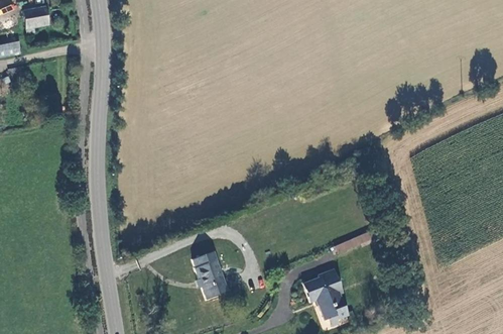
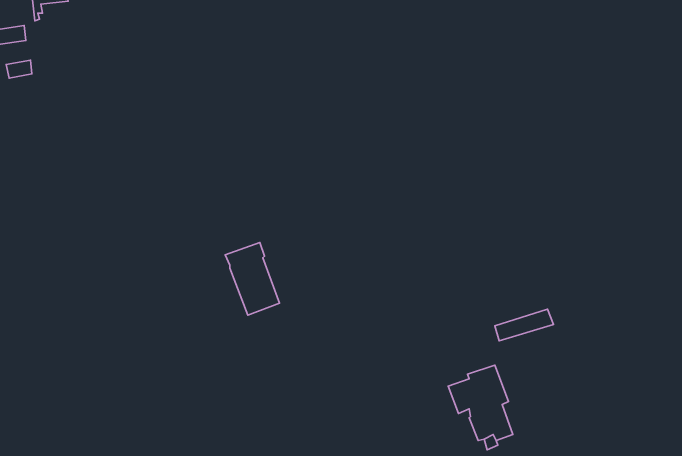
building: [191,249,227,298] -> [225,243,279,315]

